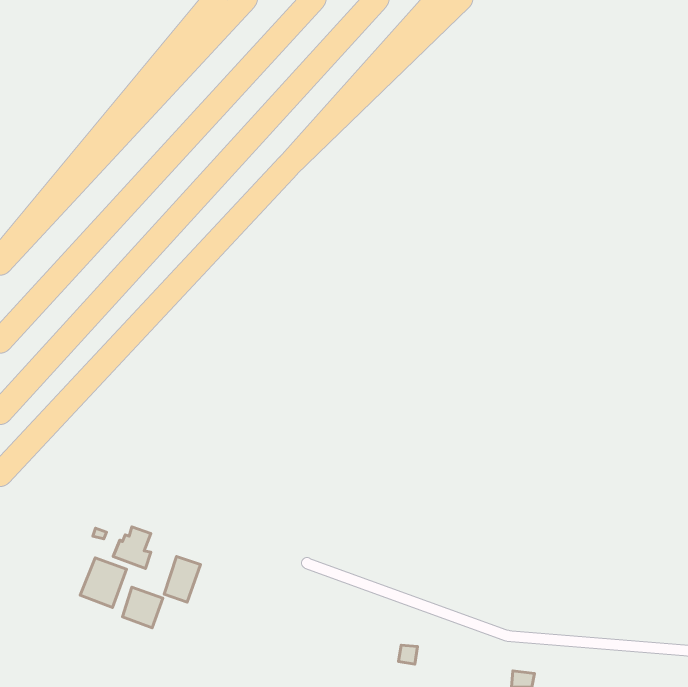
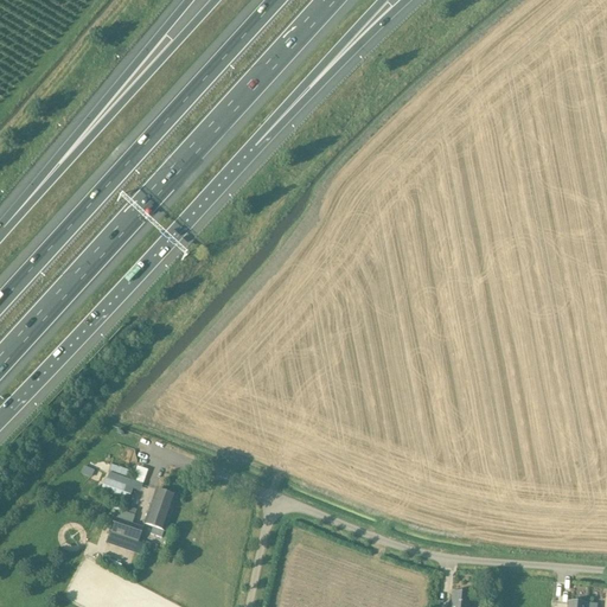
building: [80,558,126,607] -> none

